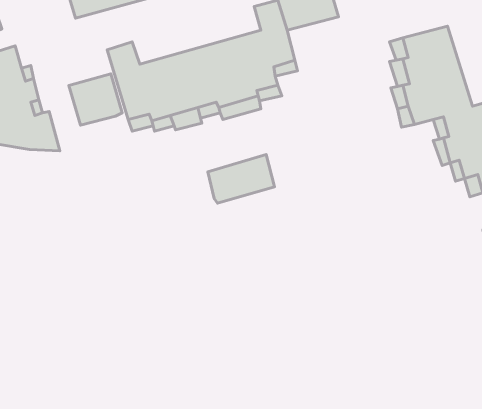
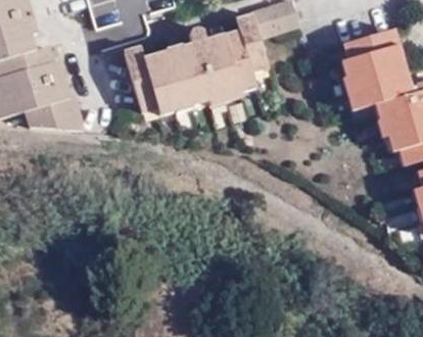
building: [69,74,122,125] -> none
building: [208,155,274,203] -> none

